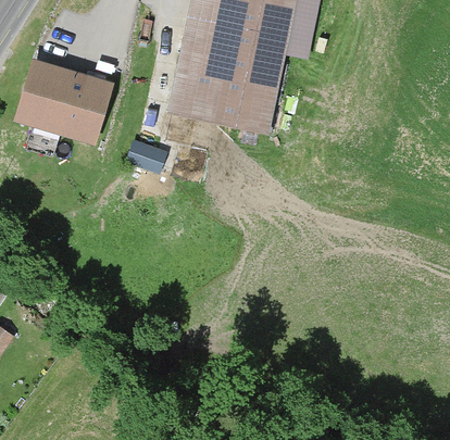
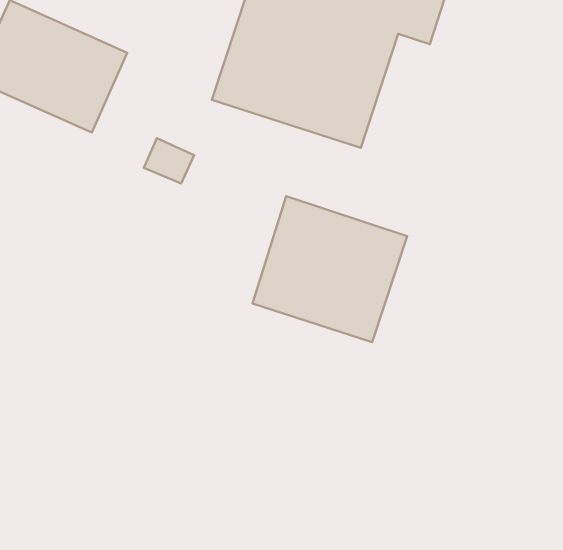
building: none -> [252,196,407,342]

